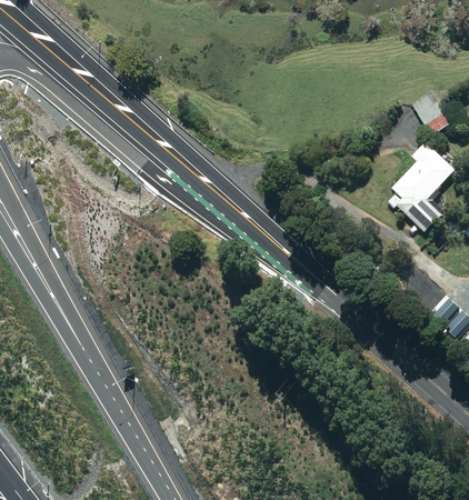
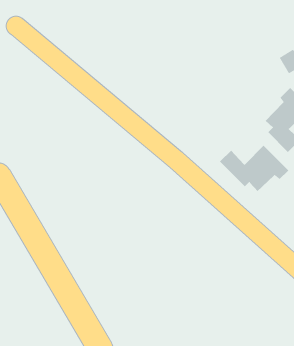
building: none -> [219,145,289,192]

